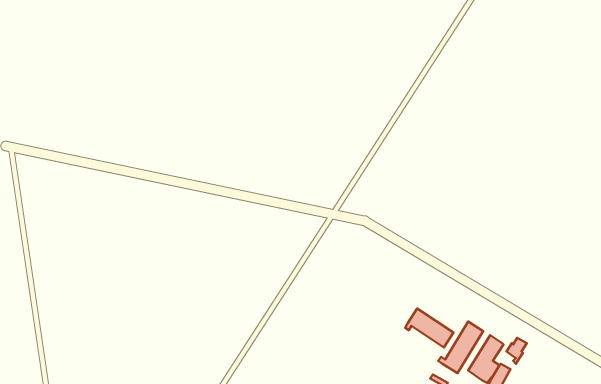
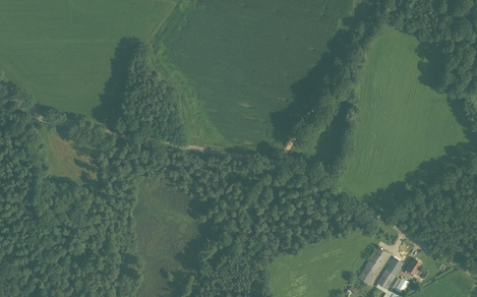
building: [405,308,453,348] -> none

